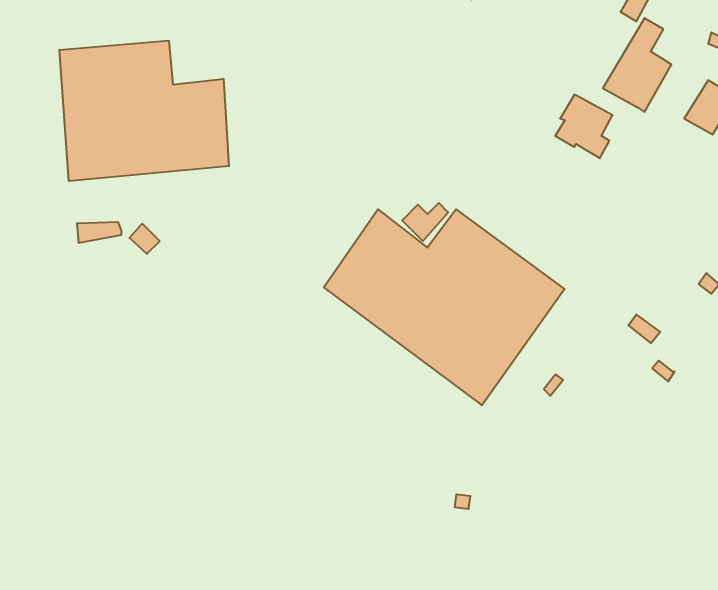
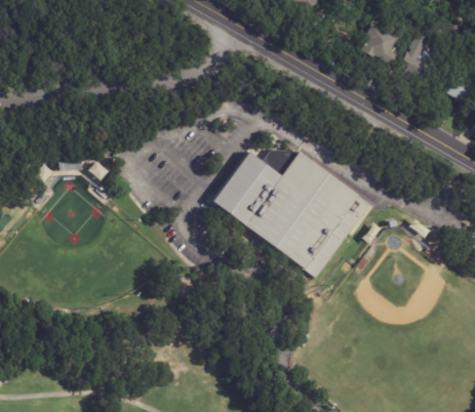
building: [60,41,229,181] -> none
building: [555,95,613,158] -> [357,24,394,65]

